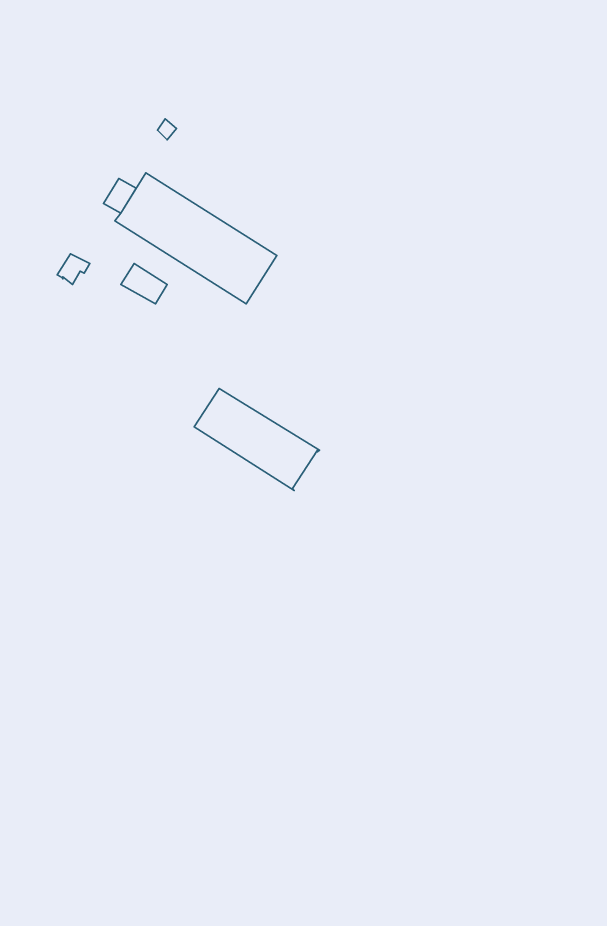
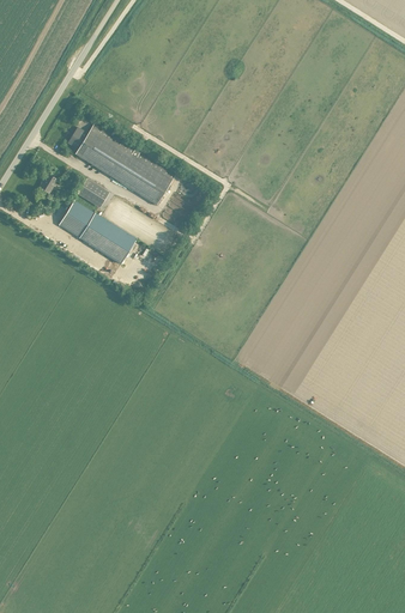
building: [194,388,319,491] -> [58,201,135,265]

